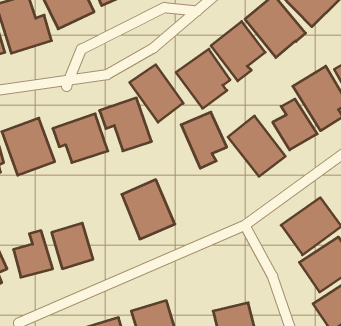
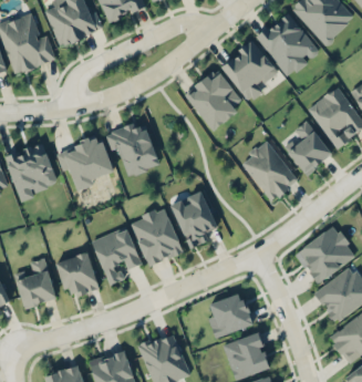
building: [130,65,183,122] -> none
building: [181,112,227,168] -> [170,190,218,249]
building: none -> [91,225,139,283]
building: none -> [205,292,252,337]

